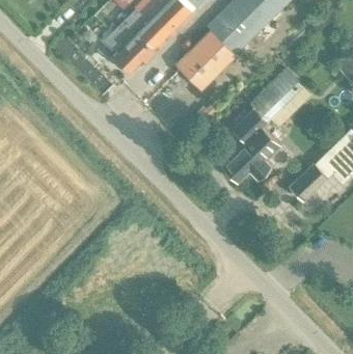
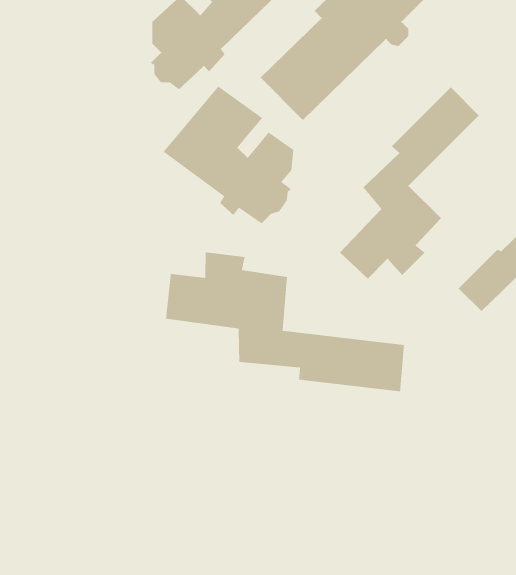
building: none -> [163,86,294,224]
building: none -> [165,252,405,392]

